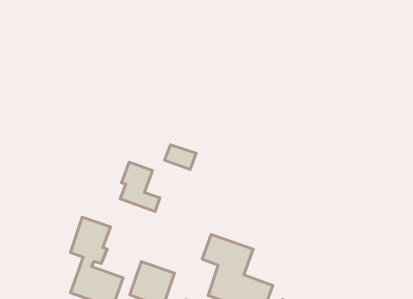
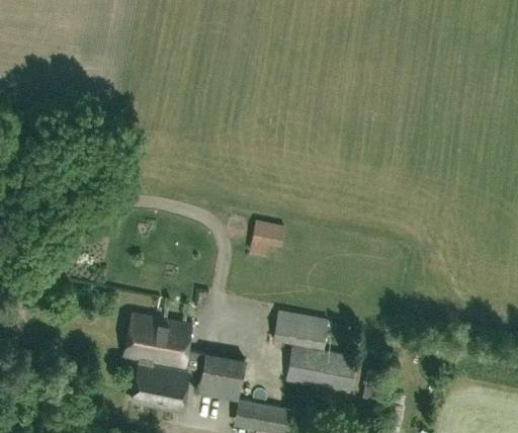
building: [165,145,196,169] -> [252,222,286,246]
building: [120,162,160,211] -> [160,320,205,370]

